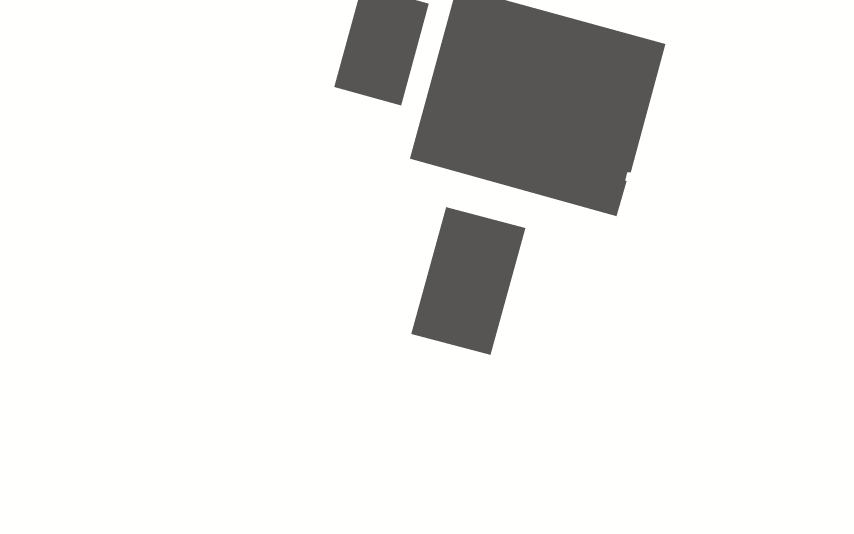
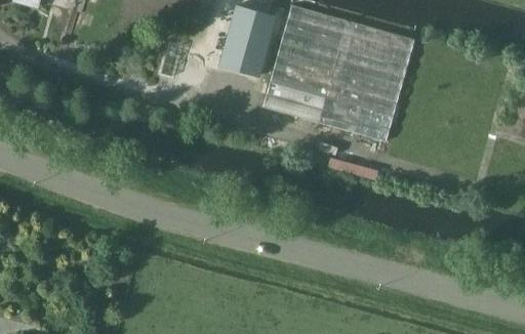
building: [410,206,526,356] -> none

